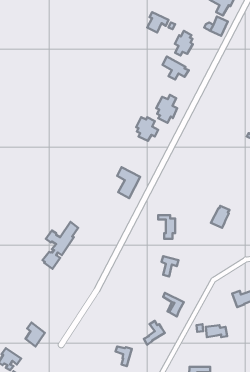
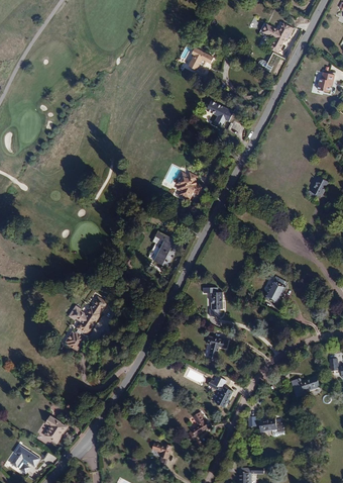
building: [175,31,193,55] -> none
building: [156,95,177,123] -> none

